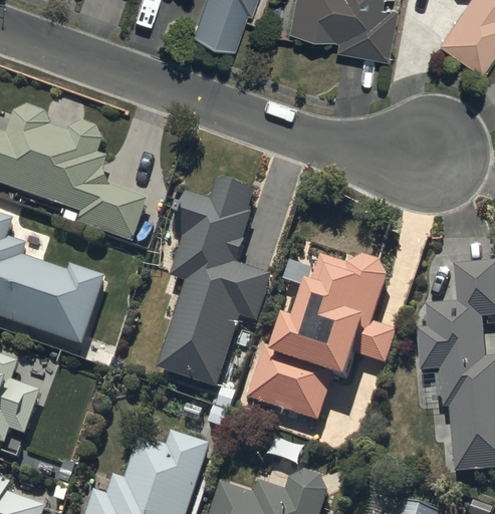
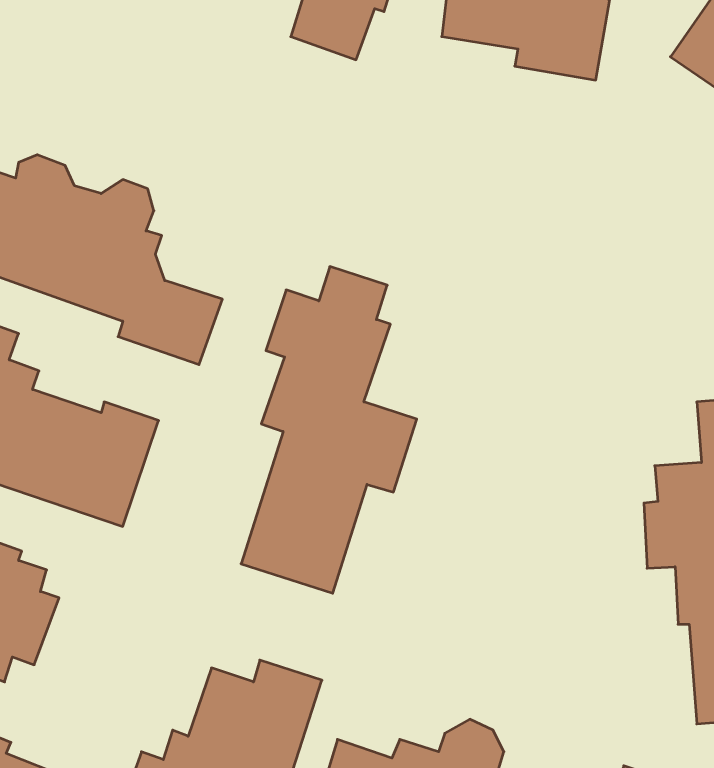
building: [249,252,396,419] -> none

